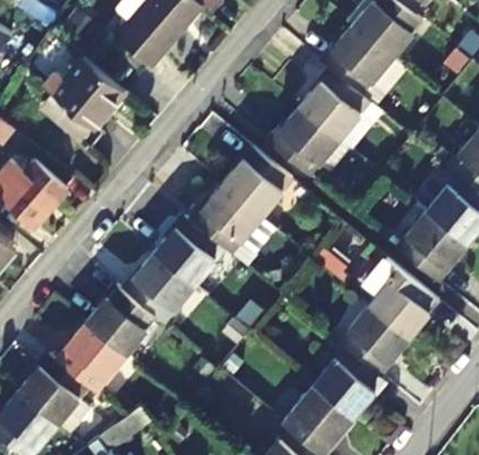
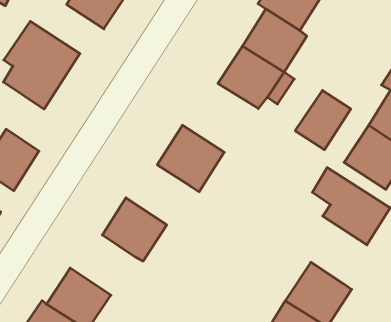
building: [226,146,297,216] -> none
building: none -> [295,90,351,150]
building: [156,215,227,286] -> none
building: [87,281,158,354] -> none
building: [334,297,408,372] -> none

